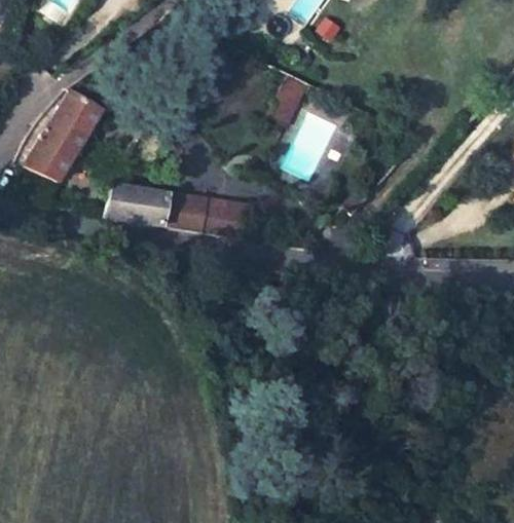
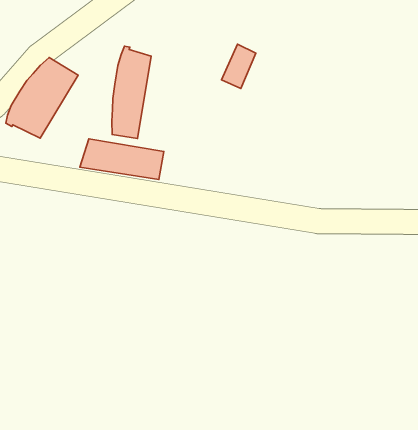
building: none -> [112,46,151,138]
building: [198,198,250,238] -> none

